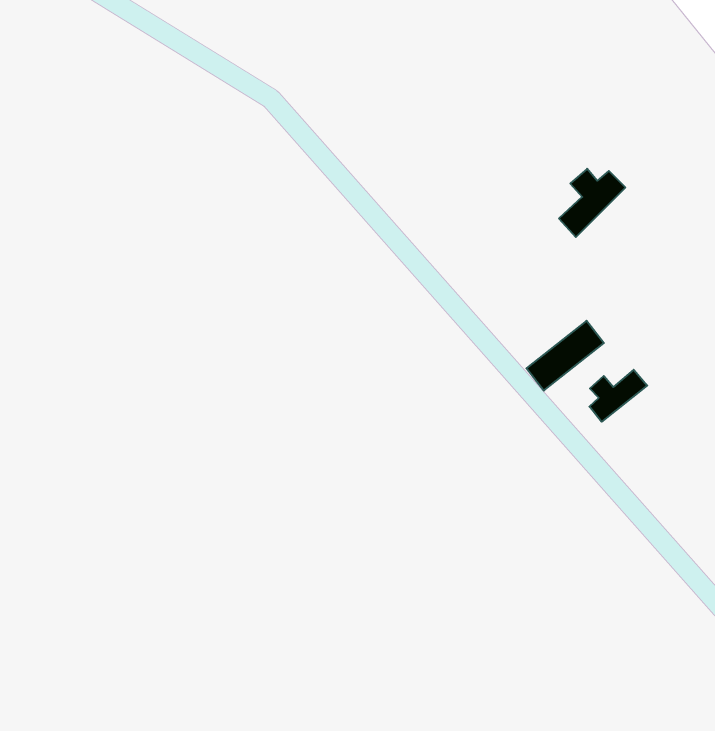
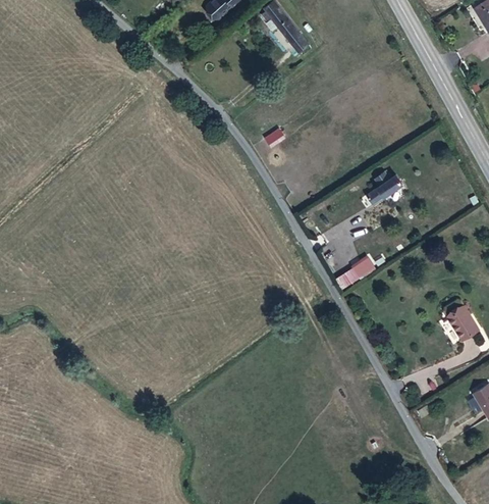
building: [589,370,647,422] -> none

